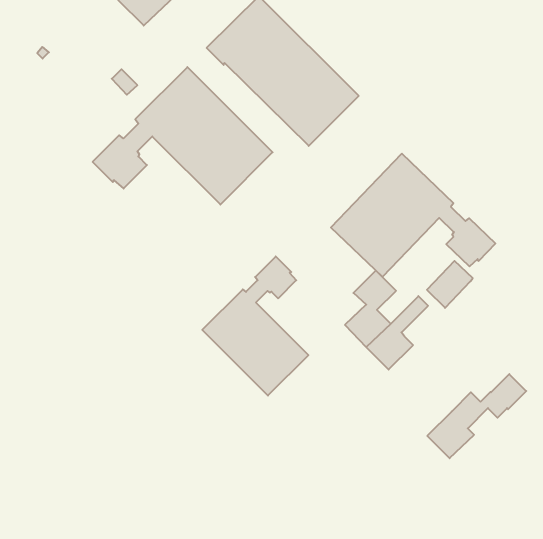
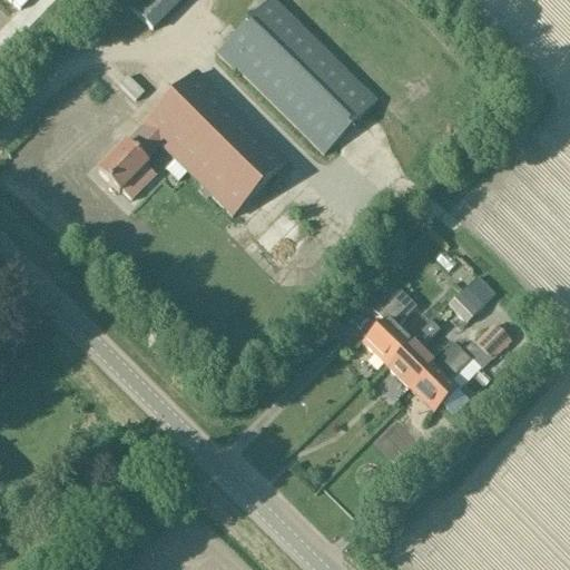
building: [331,154,495,277] -> none
building: [202,256,308,396] -> none
building: [427,374,526,458] -> [407,322,511,410]

